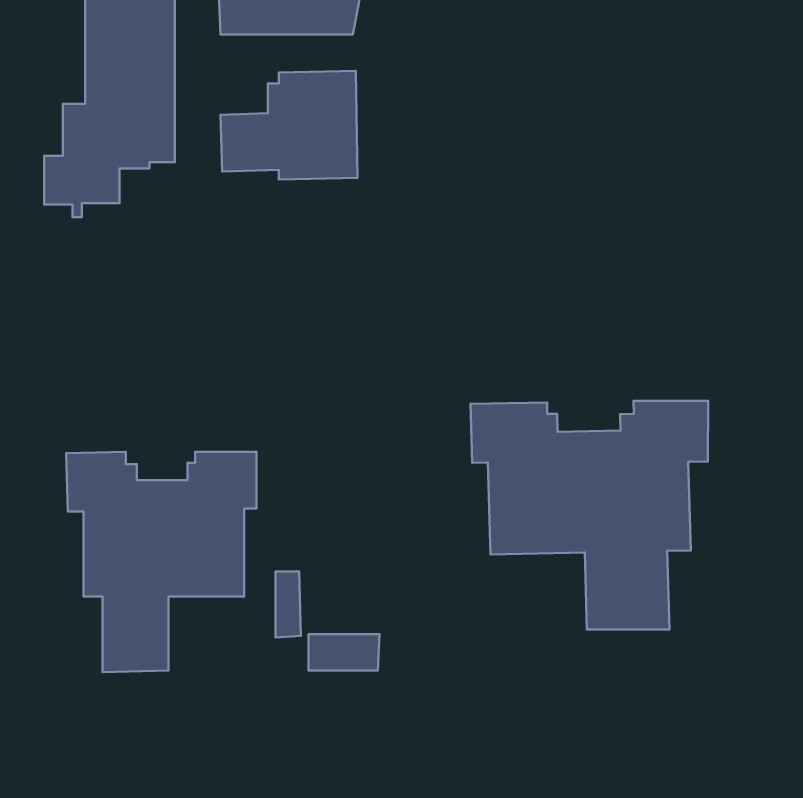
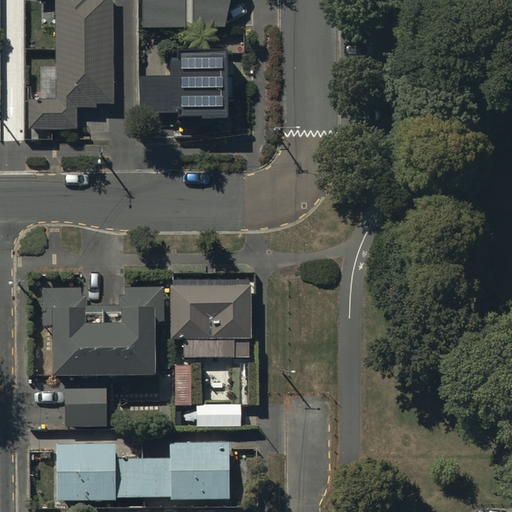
building: [470,401,708,630] -> none
building: none -> [170,279,250,358]
building: none -> [57,430,230,500]

